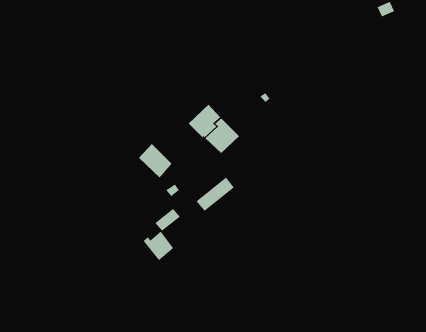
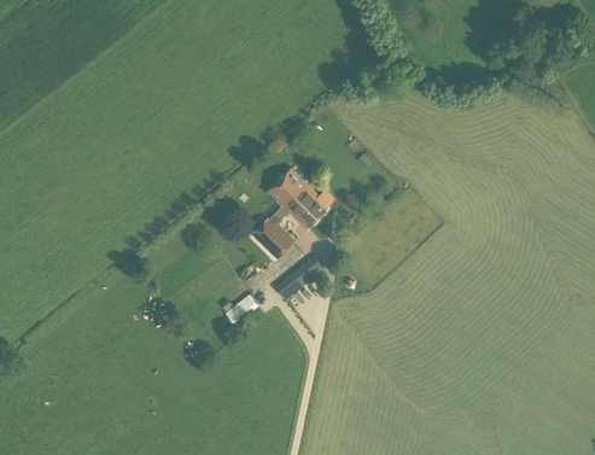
building: [138,143,173,179] -> [252,215,294,258]
building: [143,230,174,261] -> none

